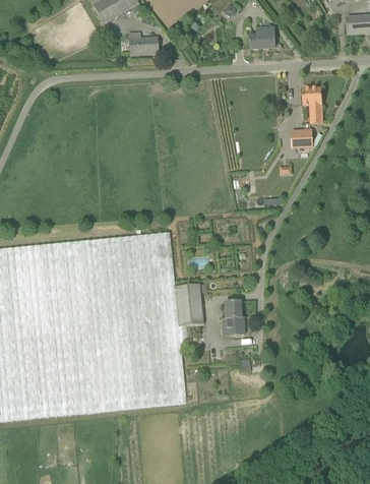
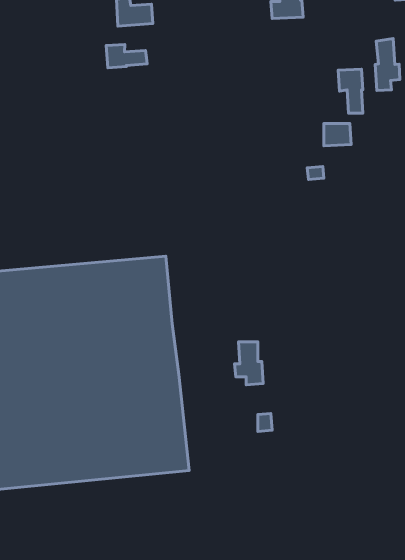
building: none -> [375,39,400,90]
building: none -> [106,44,147,68]
building: [173,284,202,326] -> none

